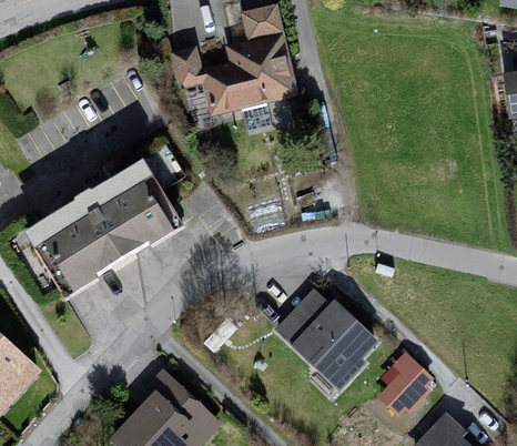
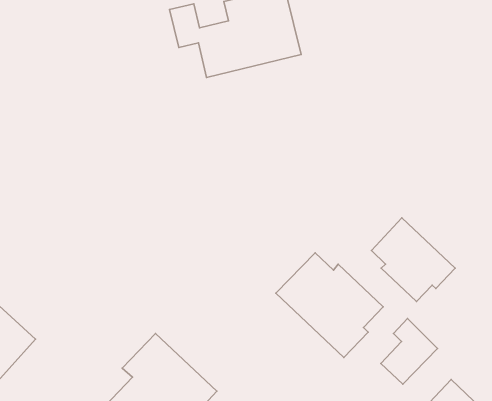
building: [29,160,181,297] -> none
building: none -> [371,218,455,301]

